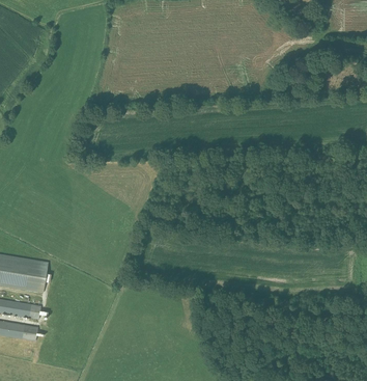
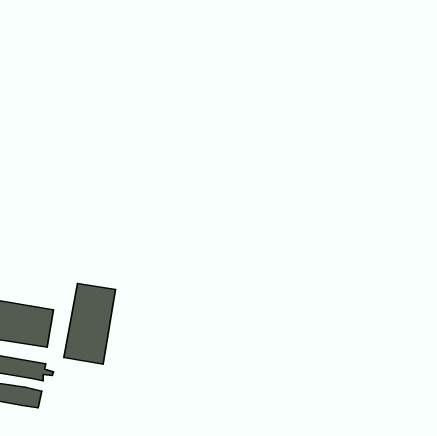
building: none -> [64,283,116,364]

